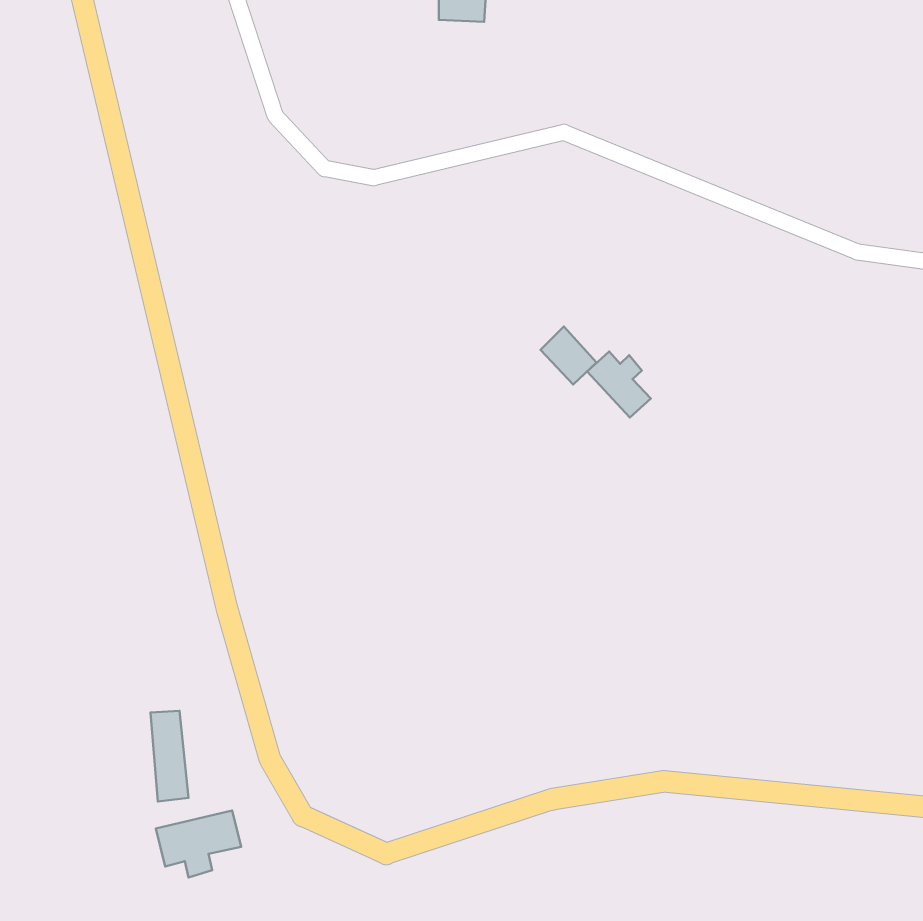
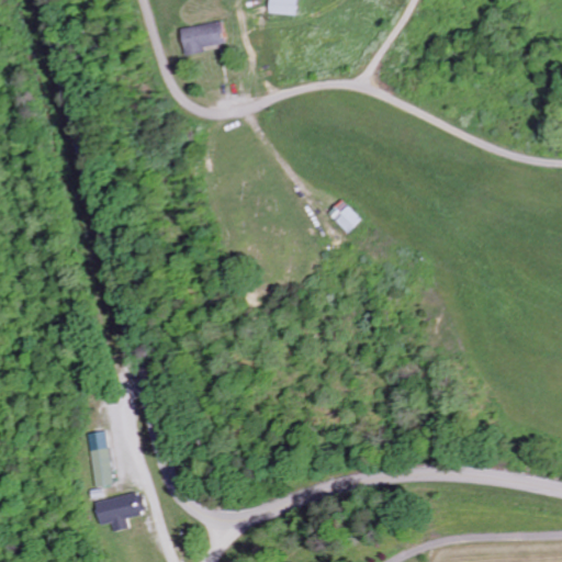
building: none -> [181,22,223,54]
building: [587,351,651,418] -> none

